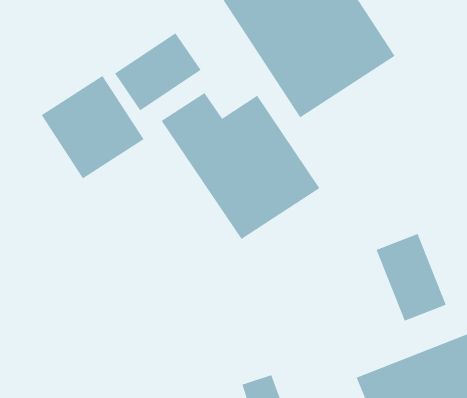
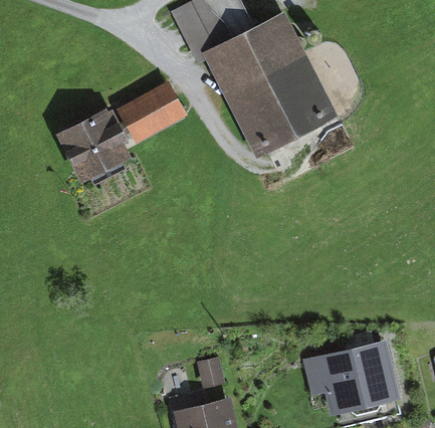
building: [161,92,320,240] -> none
building: [376,233,446,322] -> none

